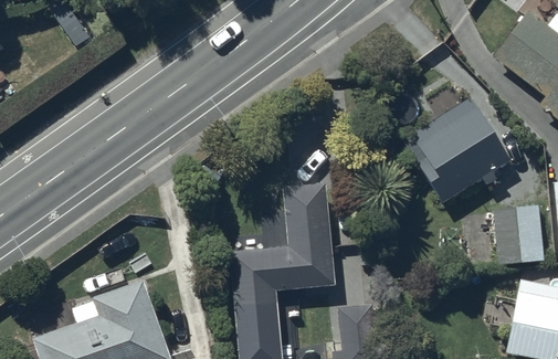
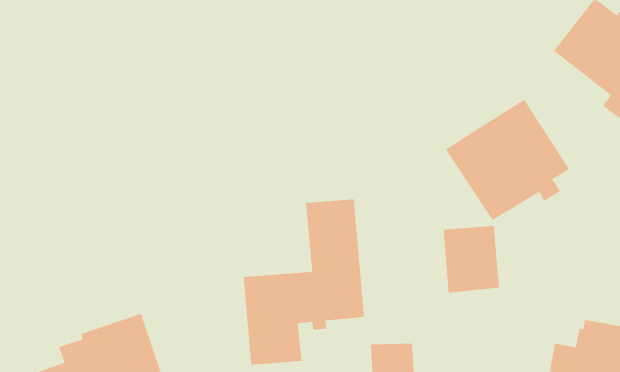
building: [495,205,544,263] -> [443,226,500,293]

